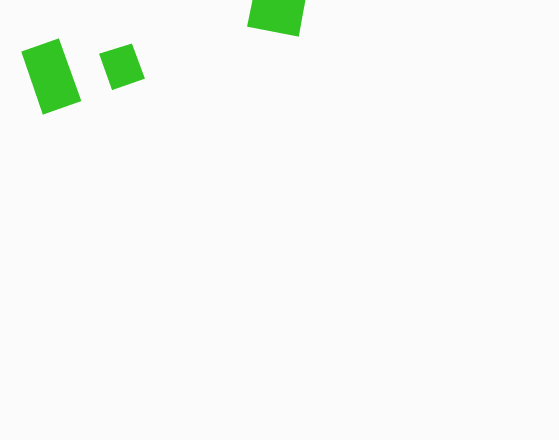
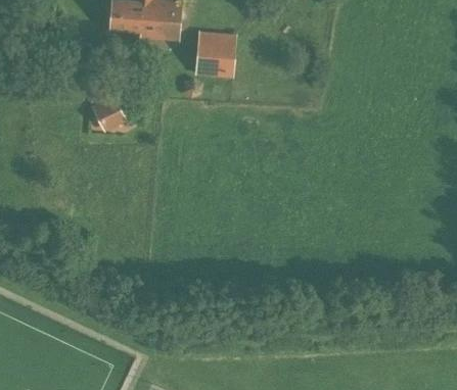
building: [20,38,82,115] -> none

